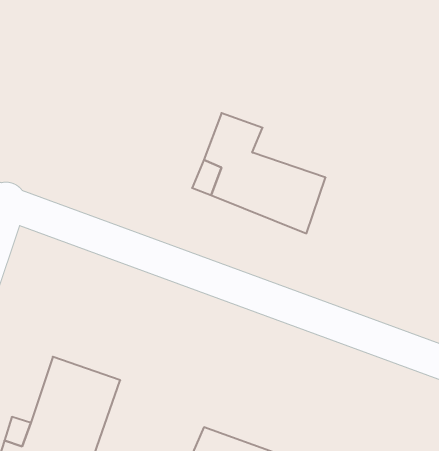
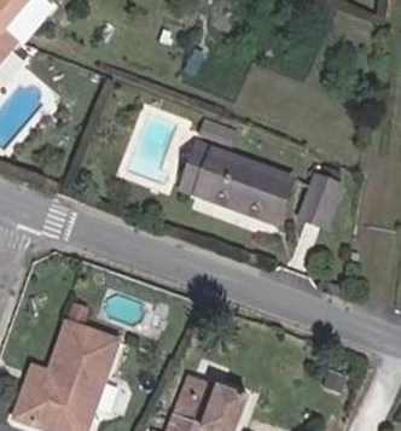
building: none -> [295,173,338,231]

